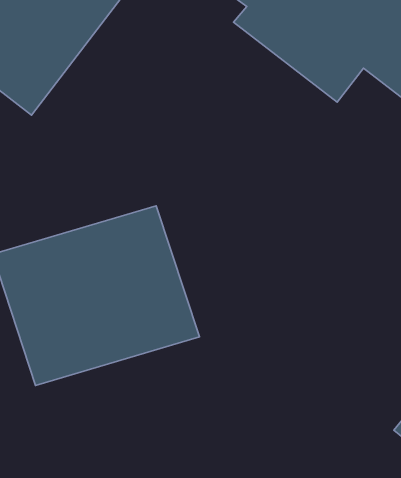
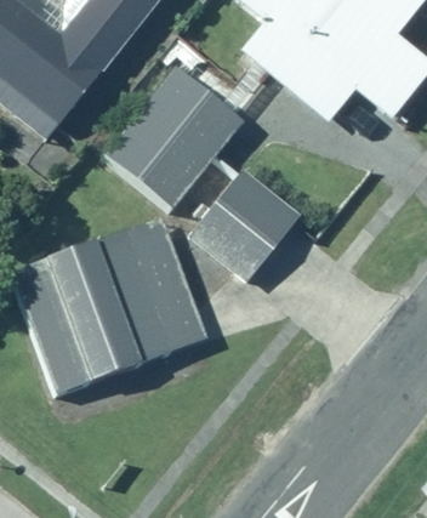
building: none -> [106,67,245,207]
building: none -> [189,175,297,280]

